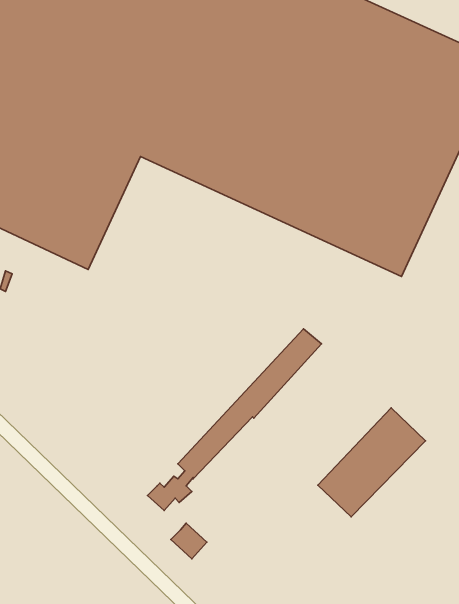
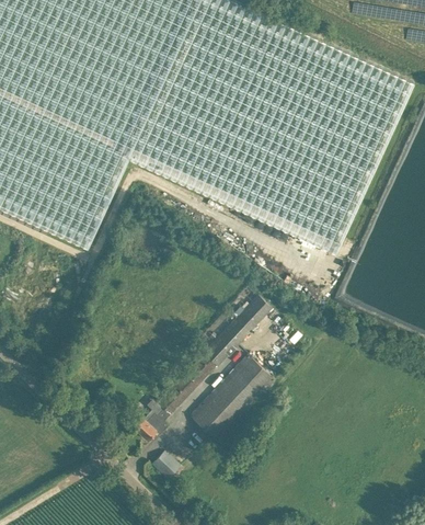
building: [318,408,426,517] -> [189,353,275,440]

